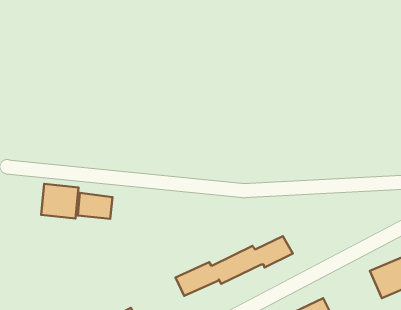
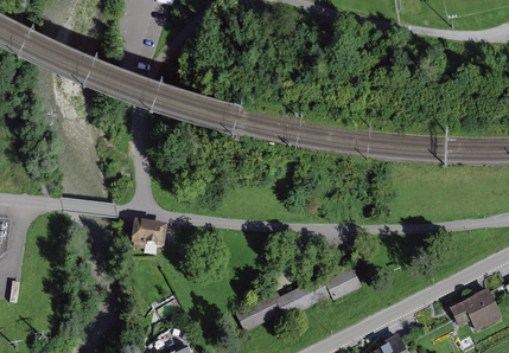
building: [41,184,79,218] -> none

